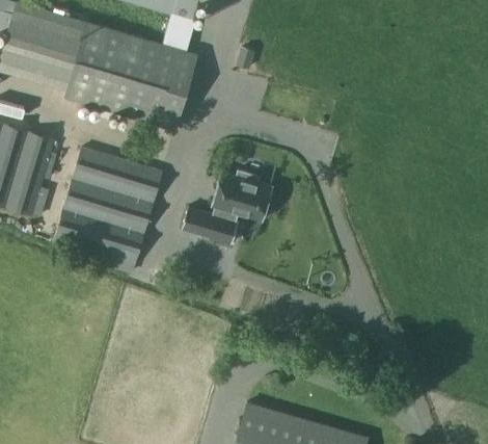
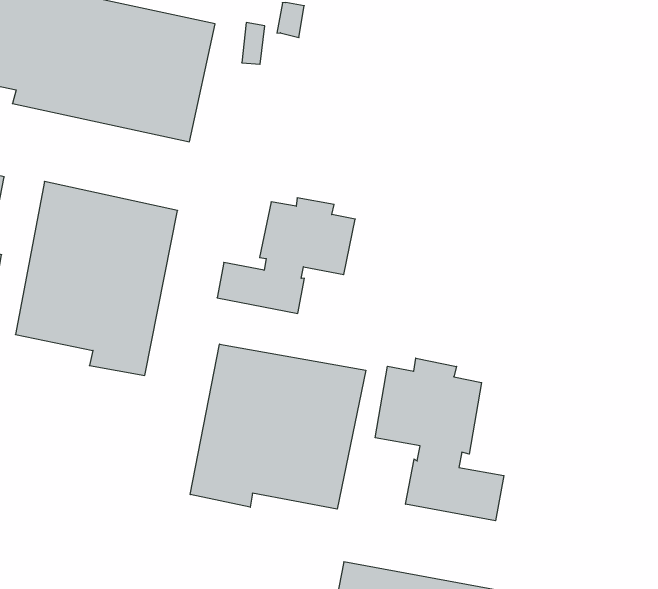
building: none -> [190,344,366,509]
building: none -> [375,358,504,521]

